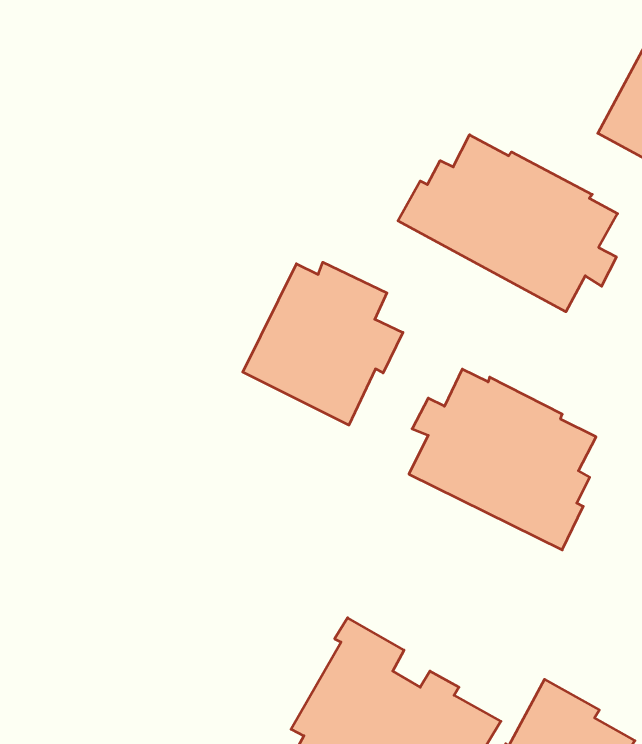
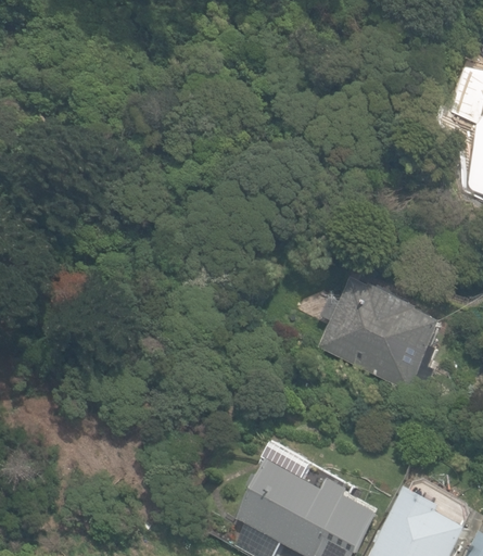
building: [398,135,618,312] -> none
building: [243,262,403,425] -> none

